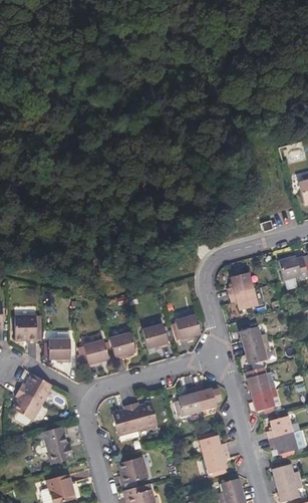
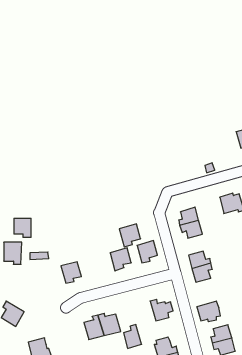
building: [110,332,136,360] -> [119,224,141,247]
building: [48,339,69,362] -> [14,218,31,237]
building: [245,365,275,396] -> none
building: [17,374,49,402] -> none
building: [179,389,201,418] -> [124,325,142,348]

